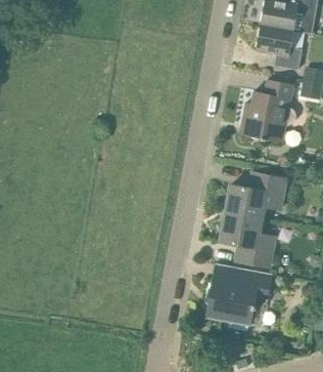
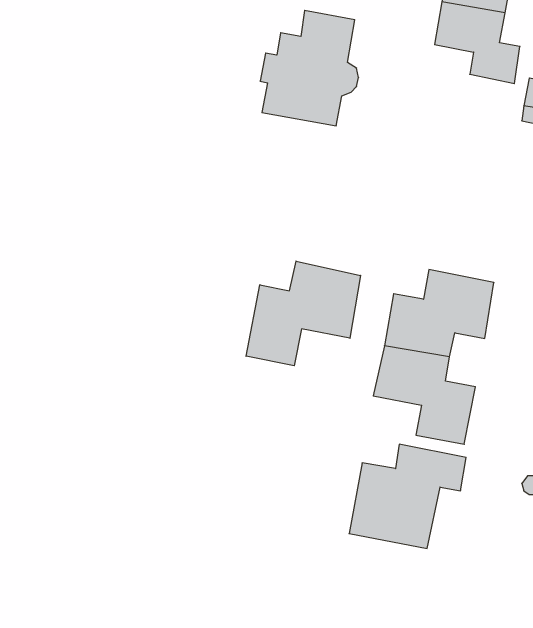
building: [242,79,296,142] -> [260,10,359,126]
building: none -> [246,261,361,366]

